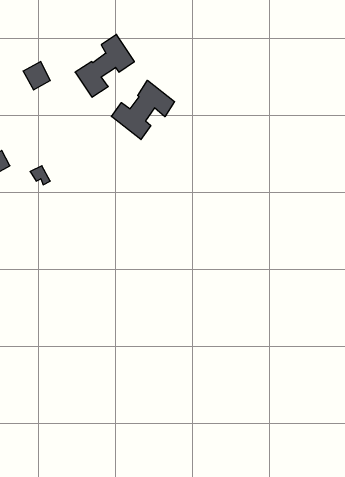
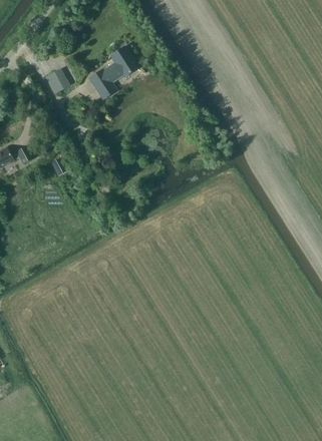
building: [111,80,175,140] -> none

